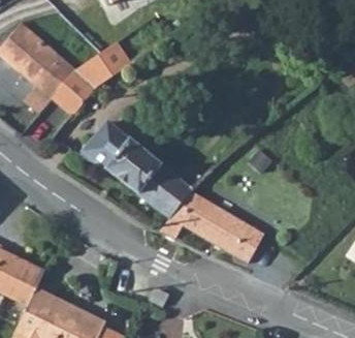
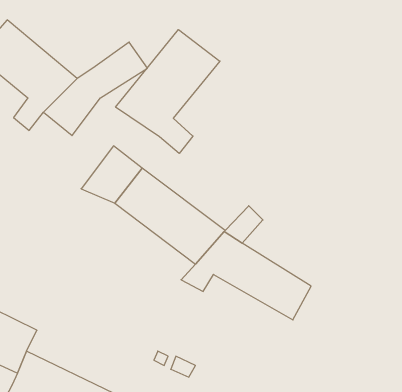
building: none -> [116,30,220,153]

